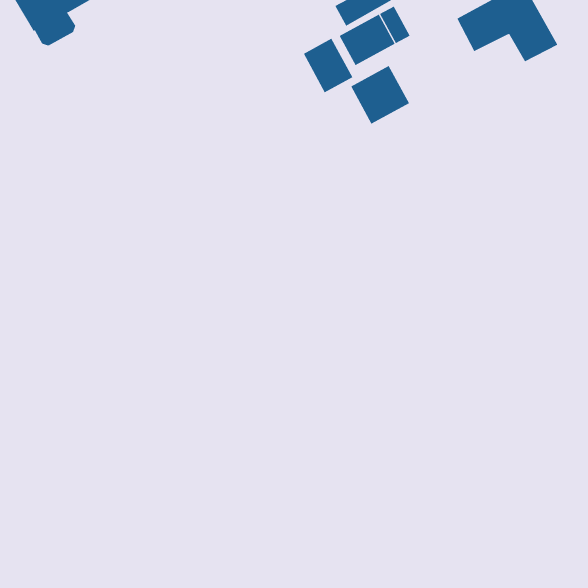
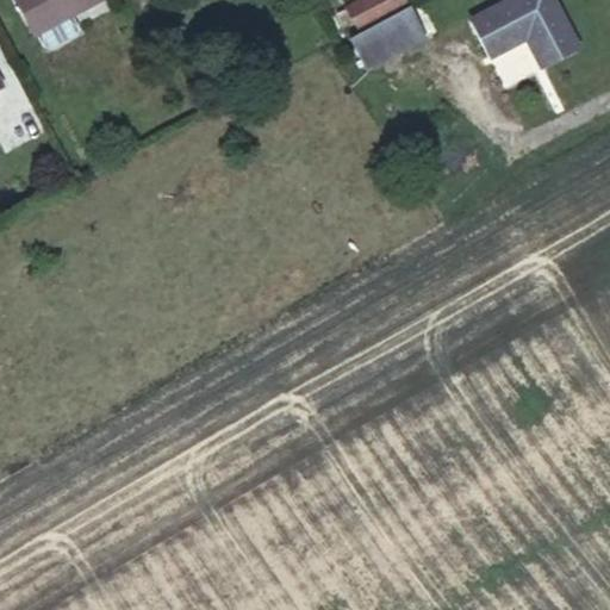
building: [303,38,353,93] -> none
building: [350,65,410,124] -> none

